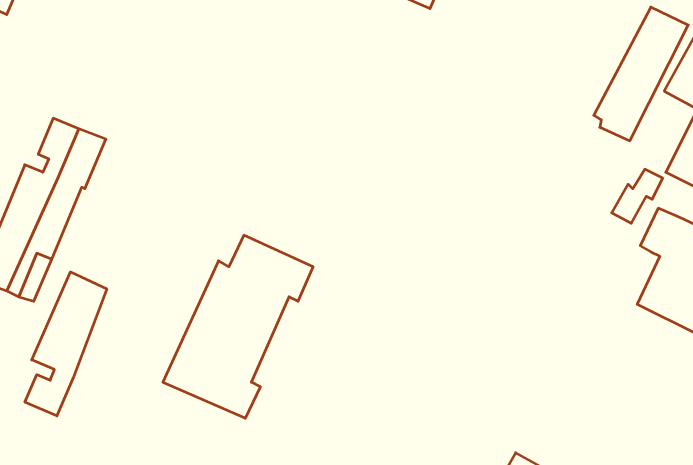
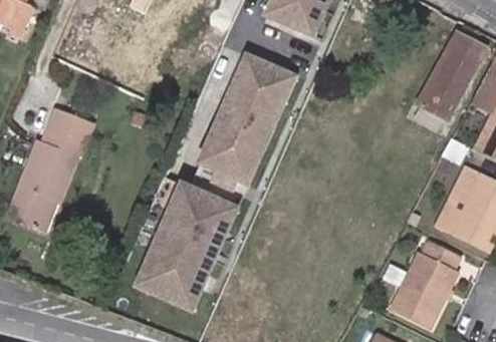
building: none -> [197,55,285,188]
building: [25,272,107,416] -> none
building: none -> [385,256,460,330]

